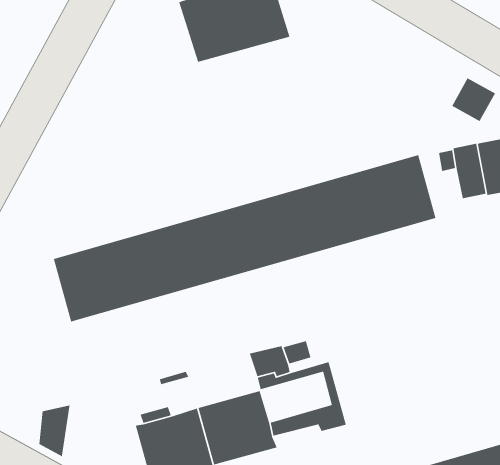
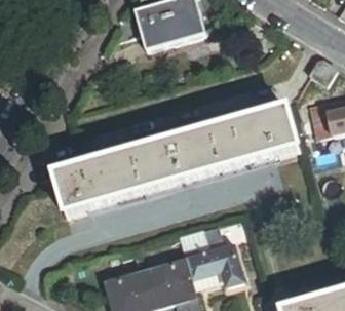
building: none -> [186,248,231,280]

